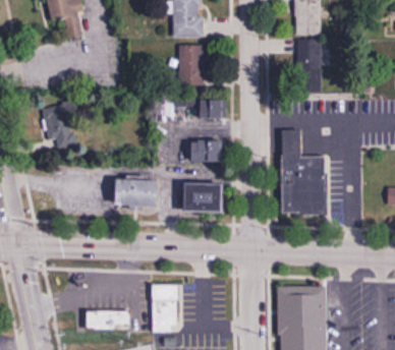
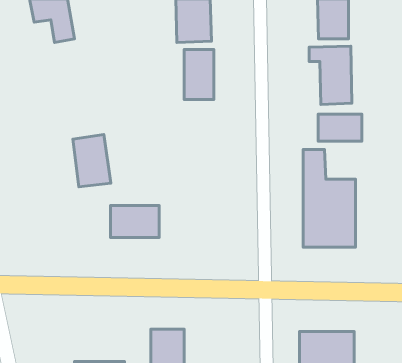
building: [200,100,226,119] -> none
building: none -> [318,114,362,141]
building: [44,104,76,149] -> [73,134,111,187]
building: [192,140,222,161] -> none
building: [184,182,223,212] -> none

